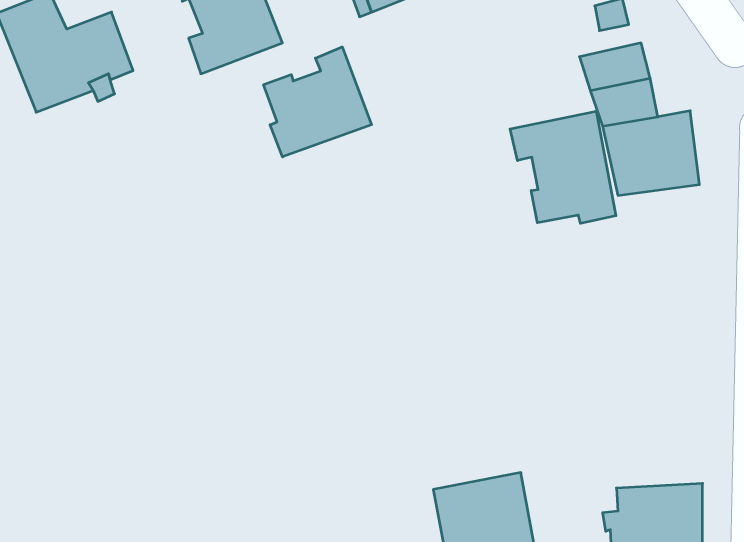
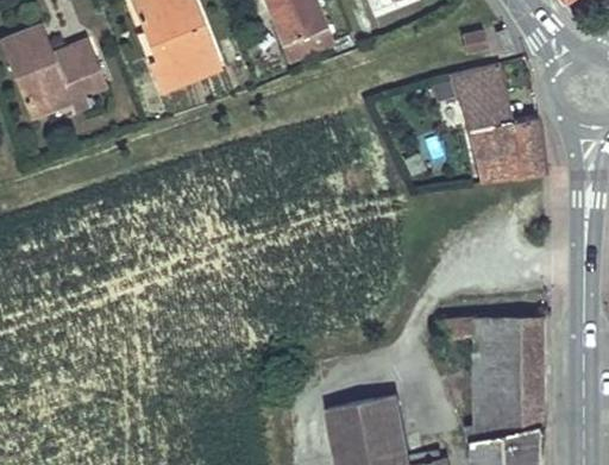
building: [264,47,372,157] -> none
building: [510,111,616,223] -> none
building: none -> [445,320,545,409]

